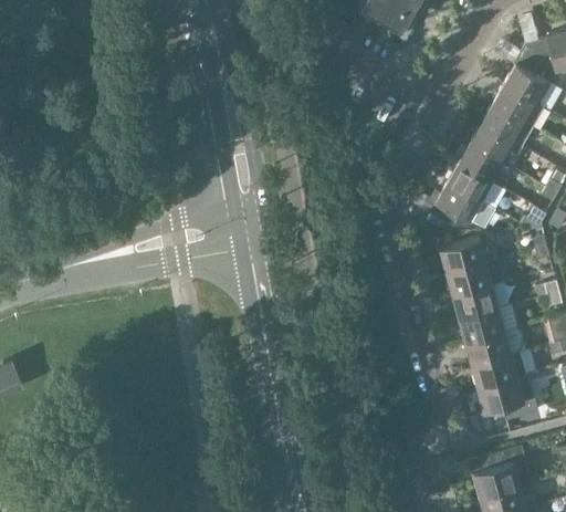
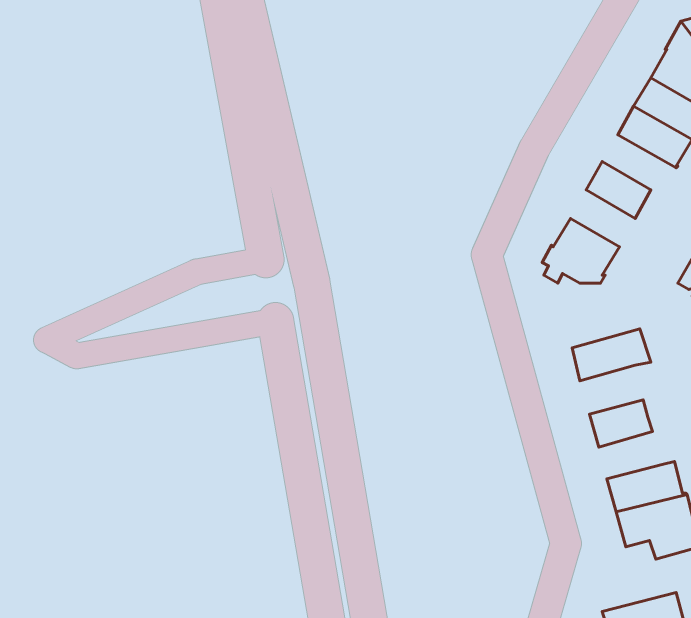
building: [469,125,521,164] -> none
building: [447,164,492,203] -> none
building: [441,240,497,274] -> none
building: [453,286,511,321] -> none
building: [467,333,511,366] -> none

